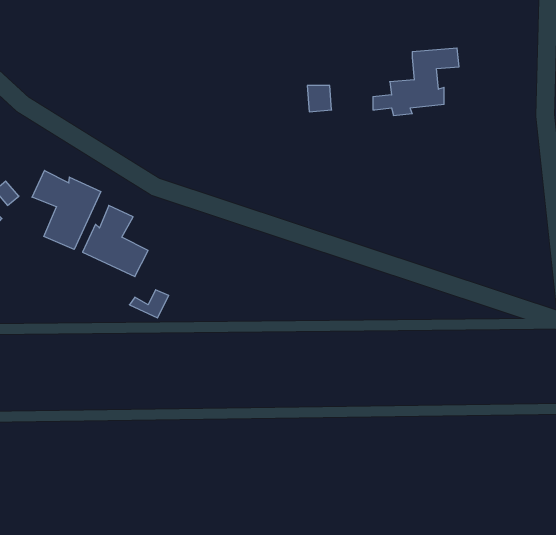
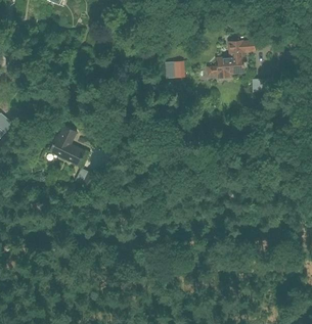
building: [32,170,101,249] -> none

